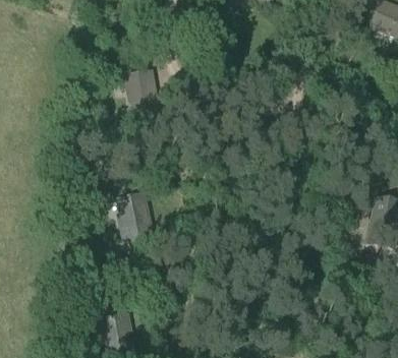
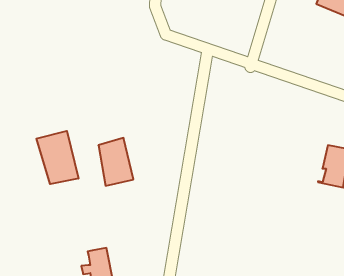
building: [125,63,161,114] -> none
building: none -> [36,131,78,184]

